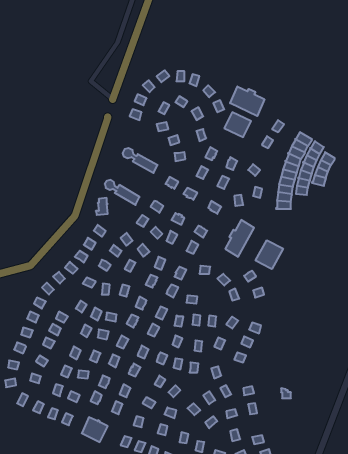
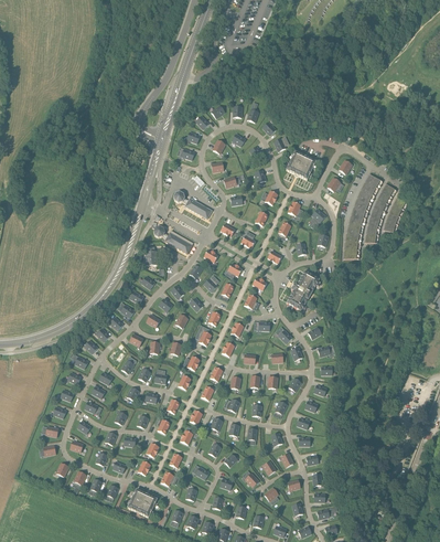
building: [230,86,264,116] -> none
building: [256,240,283,269] -> none

